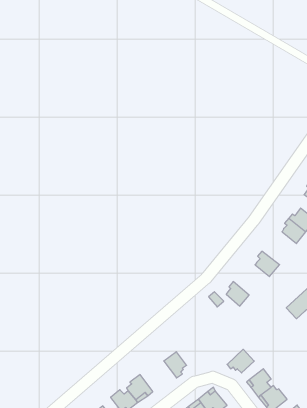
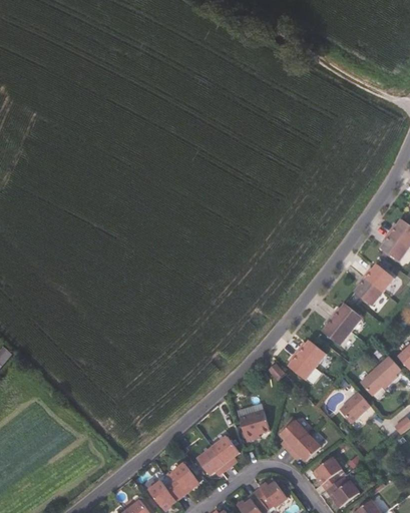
building: none -> [330,305,361,332]
building: none -> [296,341,326,368]
building: none -> [339,393,369,423]
building: none -> [242,409,272,440]
building: none -> [280,418,308,450]
building: none -> [198,446,229,473]

